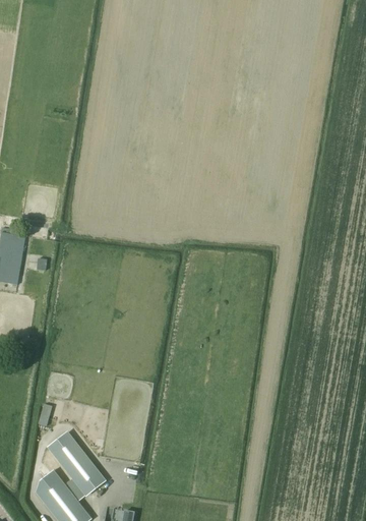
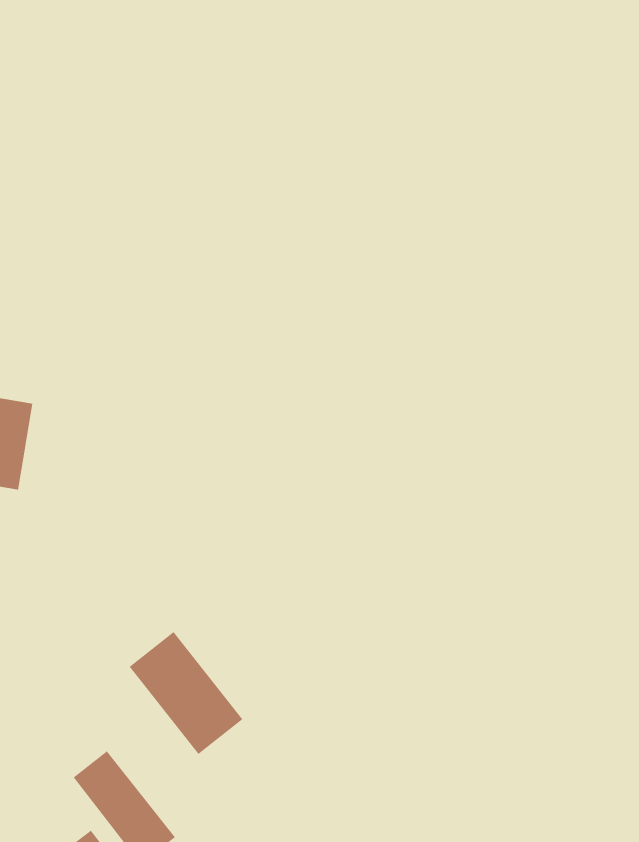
building: none -> [129,631,243,755]

